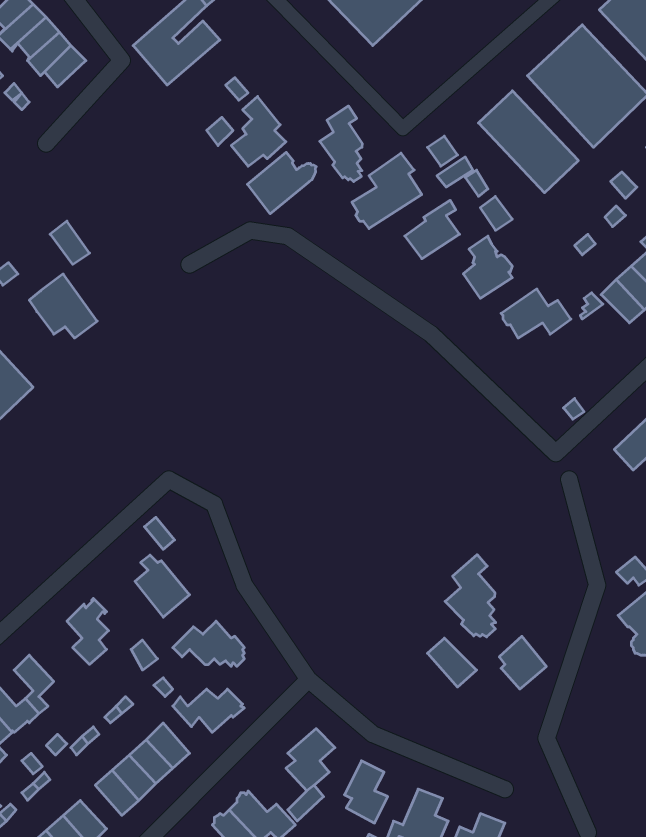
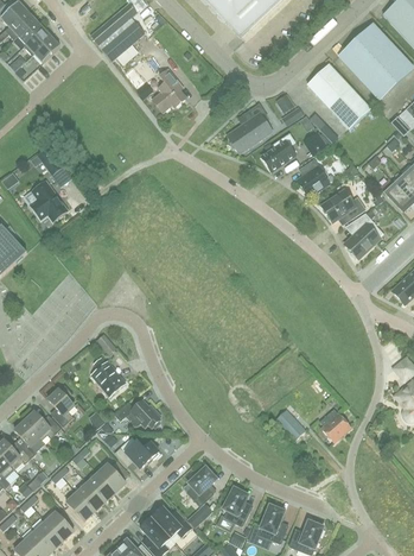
building: [320,106,362,182] -> none
building: [247,152,316,214] -> none
building: none -> [345,211,378,257]
building: [445,555,496,637] -> none
building: none -> [25,409,62,440]

